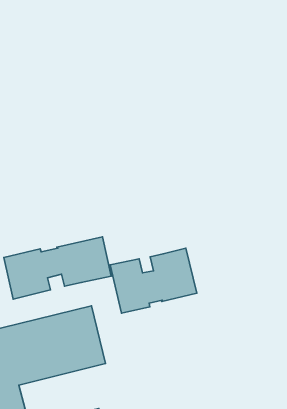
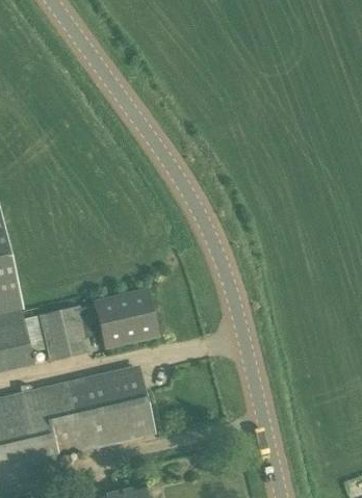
building: [110,248,197,313] -> none

